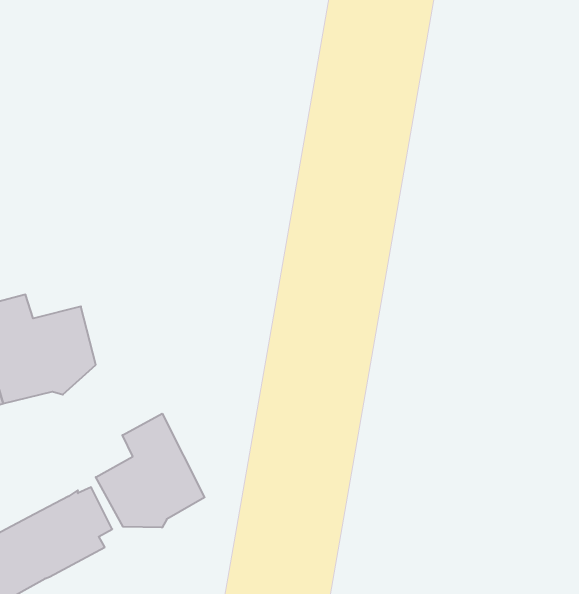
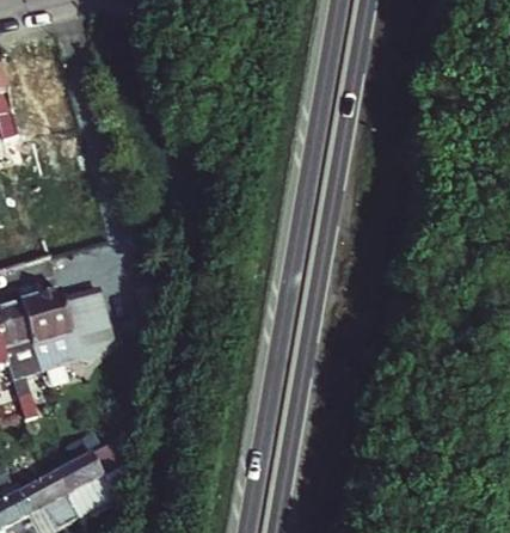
building: [96,414,205,528] -> none

